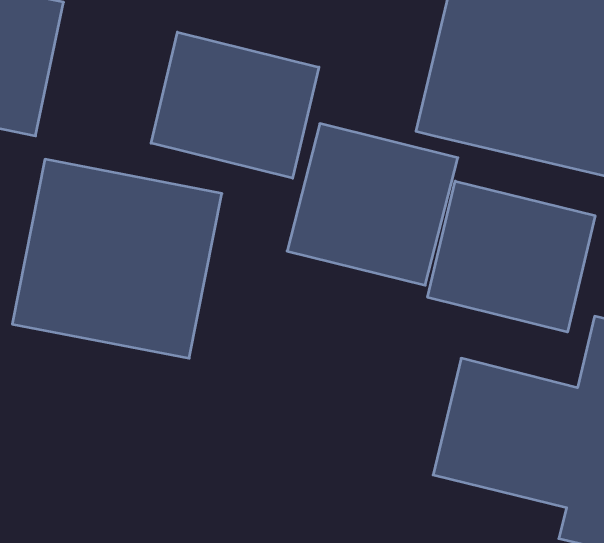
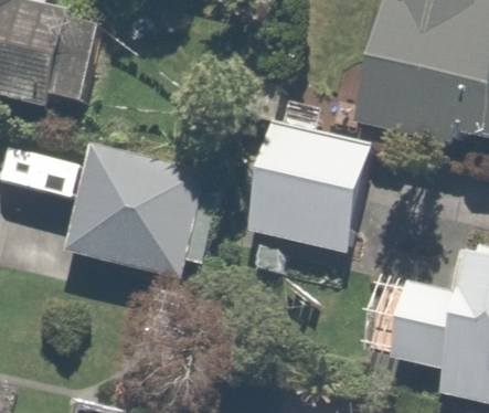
building: [151,32,319,178] -> none
building: [428,181,595,332] -> none

